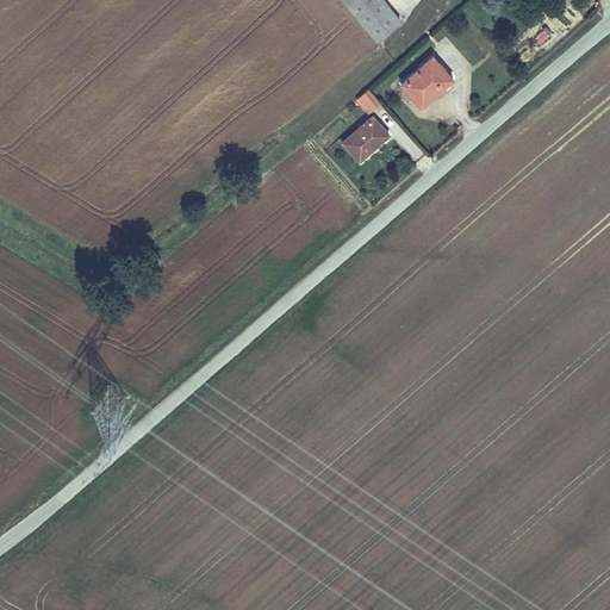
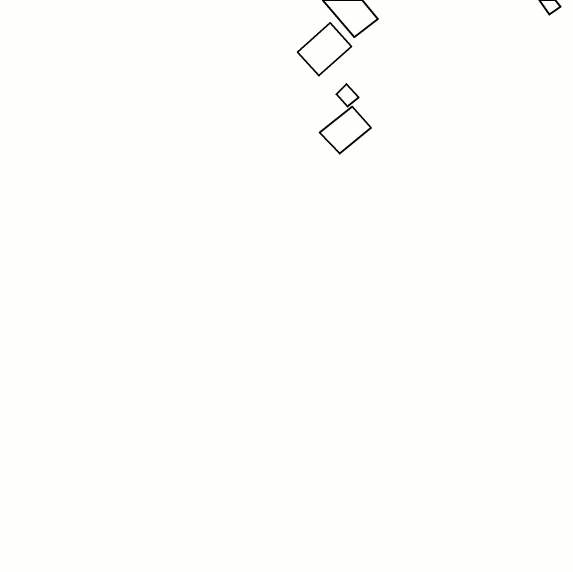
building: [399,54,456,110] -> [298,23,351,76]

